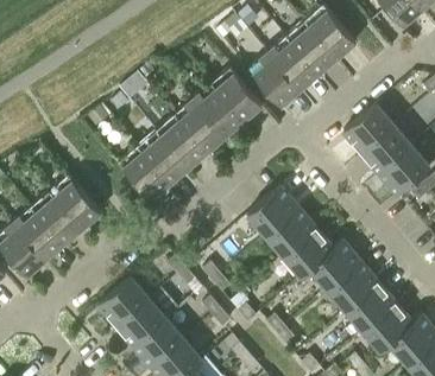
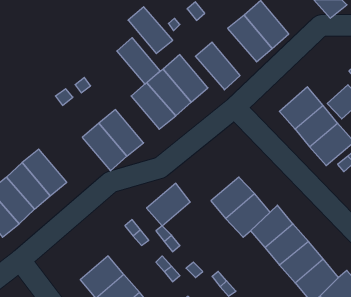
building: [266,38,317,91] -> [128,7,173,54]
building: [156,115,206,168] -> [117,38,160,84]
building: [247,186,297,235] -> [147,183,190,226]
building: [97,278,147,325] -> none

